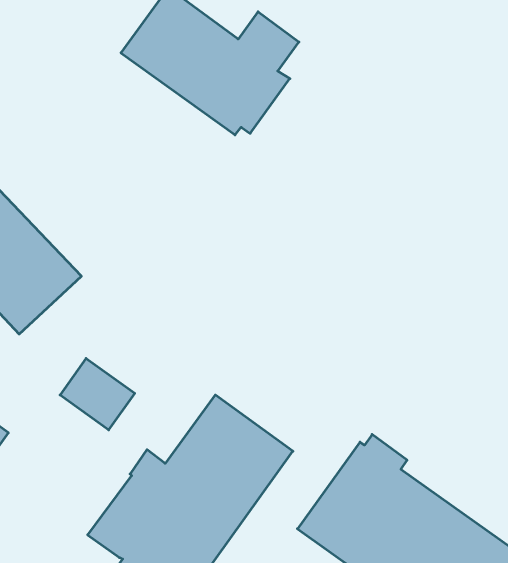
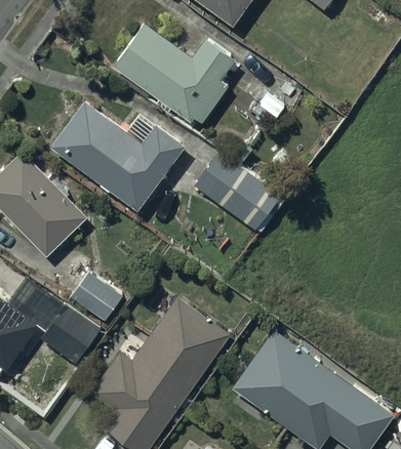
building: none -> [50,100,185,211]
building: none -> [195,153,285,235]
building: none -> [41,303,101,364]

